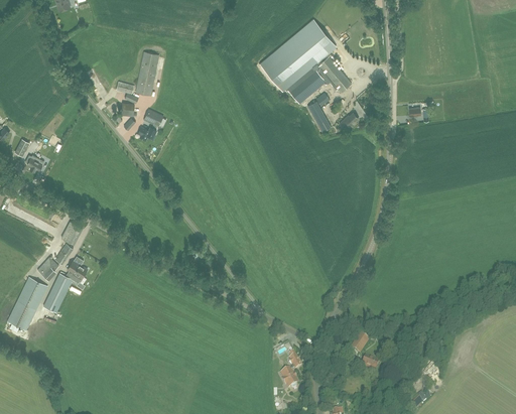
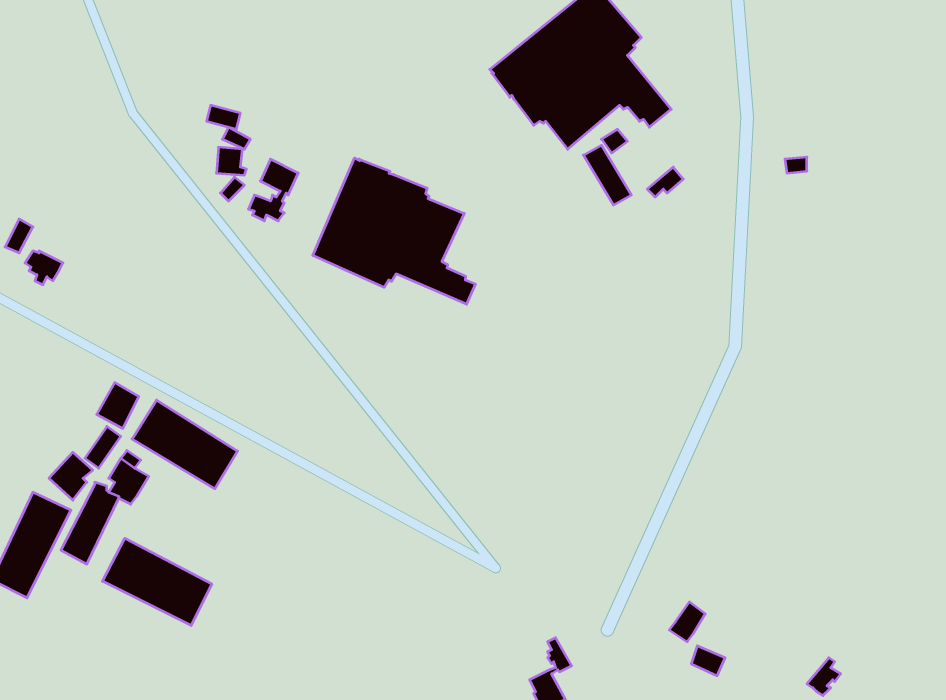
building: [136,51,159,95] -> none
building: none -> [313,158,475,304]
building: none -> [132,400,238,489]
building: none -> [102,538,212,626]

